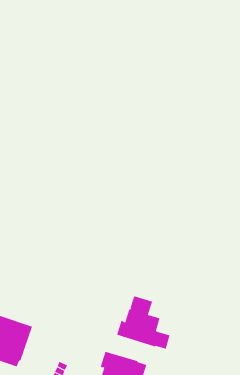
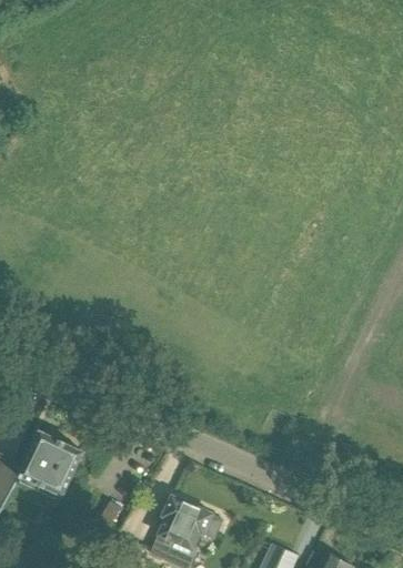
building: [117,295,170,349] -> none

